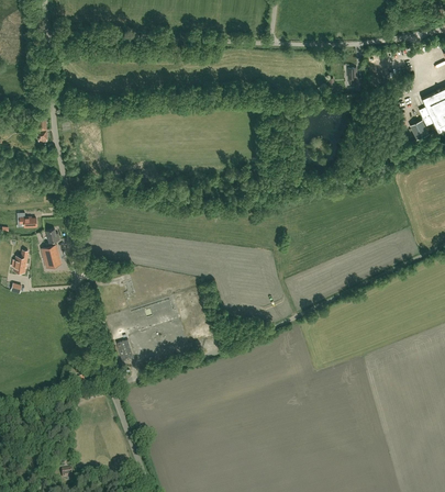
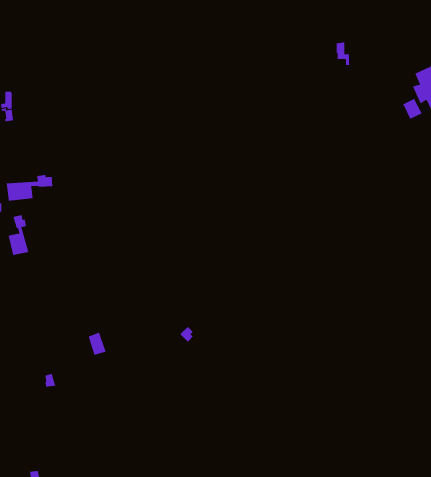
building: none -> [6,174,53,201]

